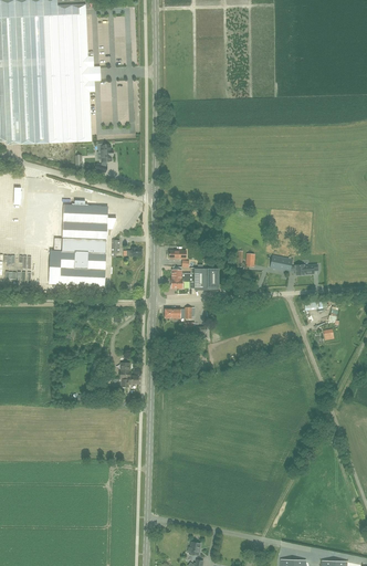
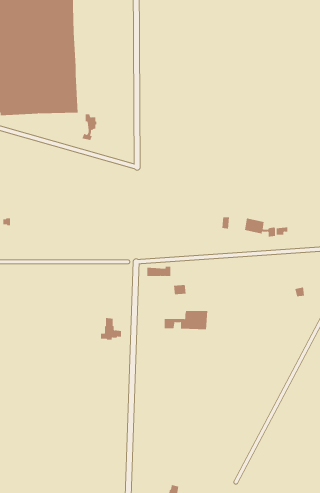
building: [61,203,116,284] -> none
building: [171,266,219,287] -> [164,310,208,330]

